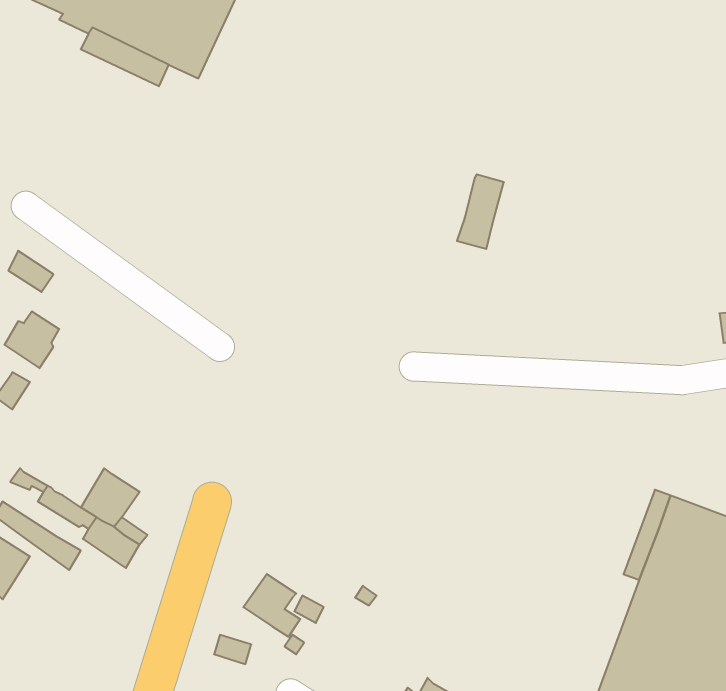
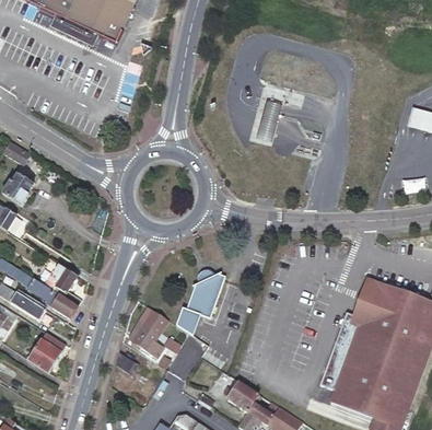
building: none -> [175,266,226,333]
building: none -> [30,330,68,371]

